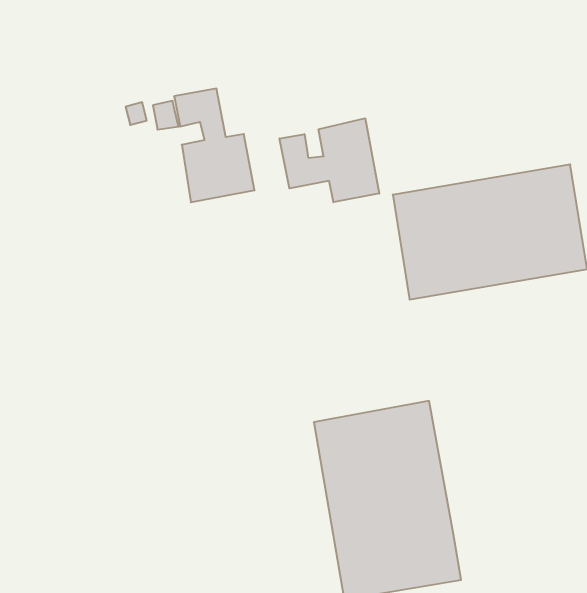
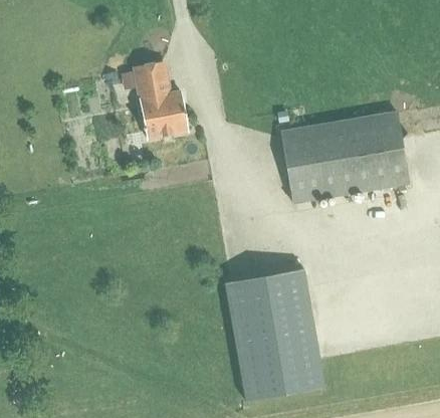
building: [280,118,379,202] -> none

